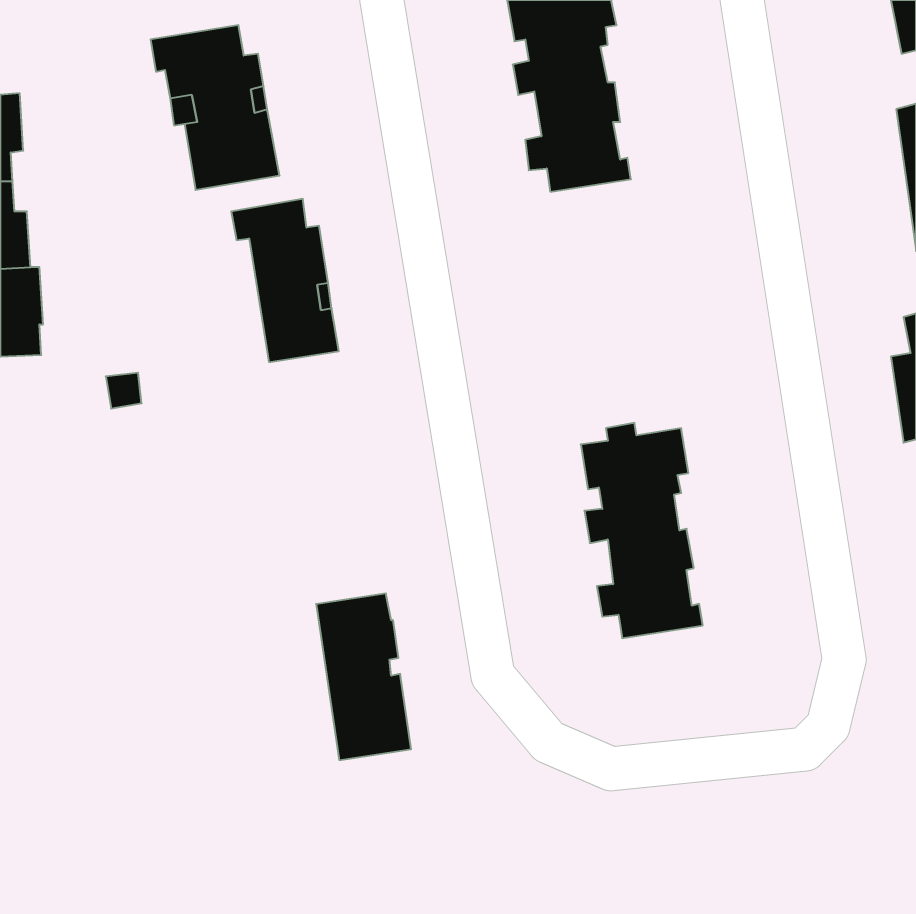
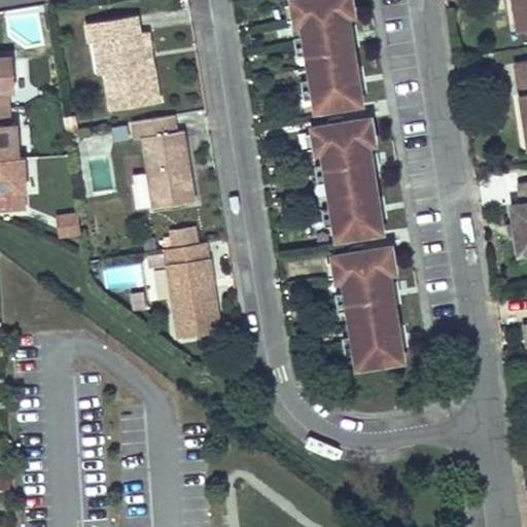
building: none -> [313,116,383,240]
building: [316,593,411,760] -> [166,243,220,339]

